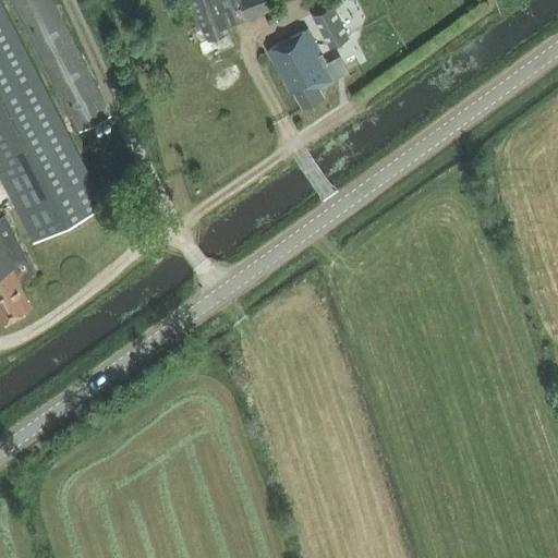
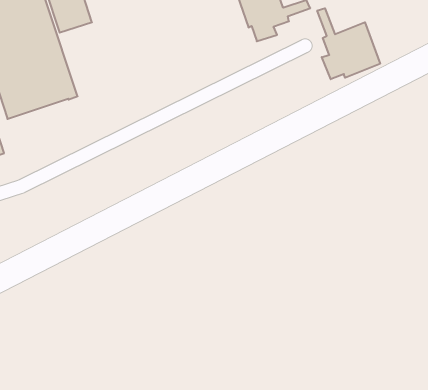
building: none -> [317,8,380,79]

